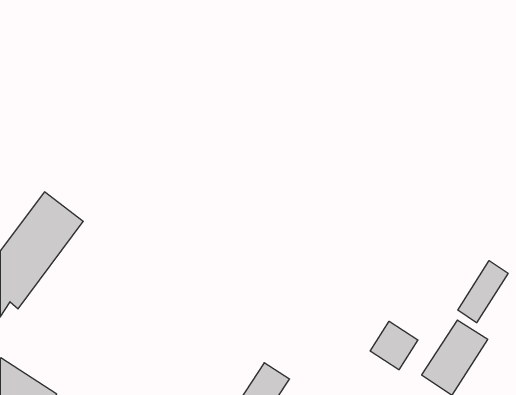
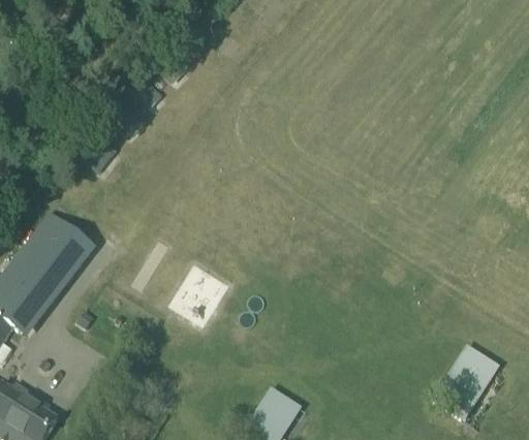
building: [458,261,508,323] -> none
building: [370,321,418,370] -> none

